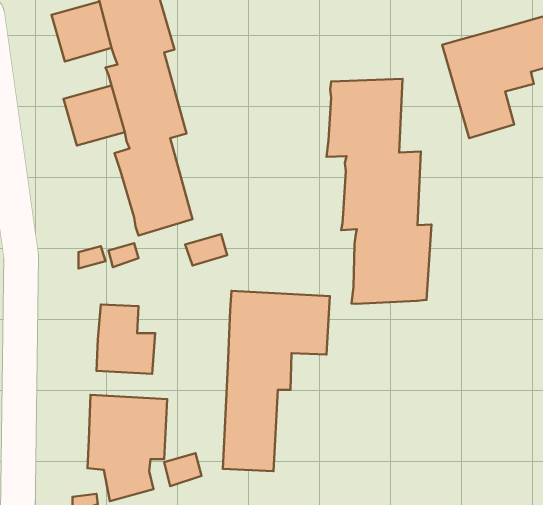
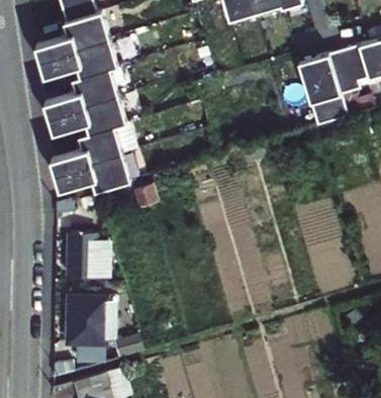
building: [327,79,431,304] -> none
building: none -> [51,148,92,189]
building: [223,291,330,471] -> none

